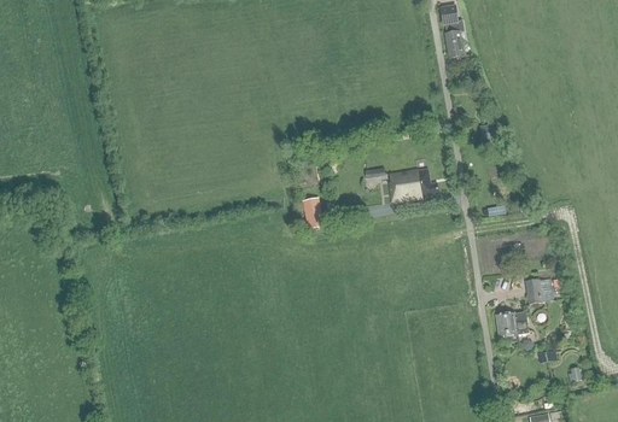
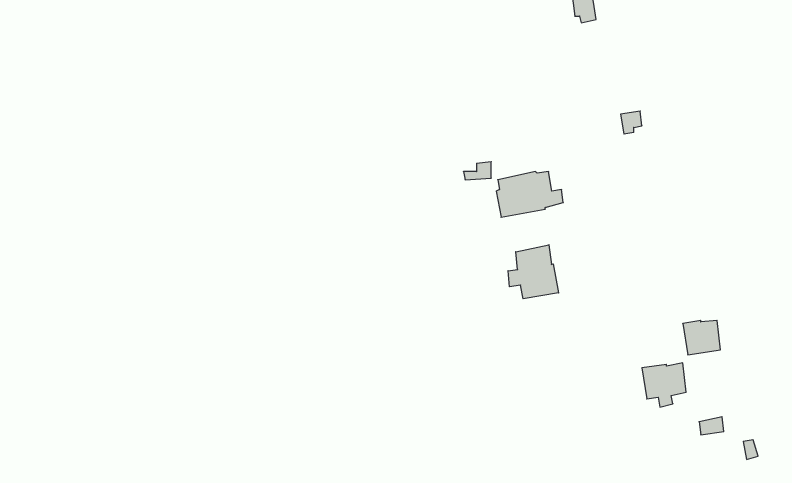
building: [302,197,325,229] -> none
building: none -> [508,245,559,299]

